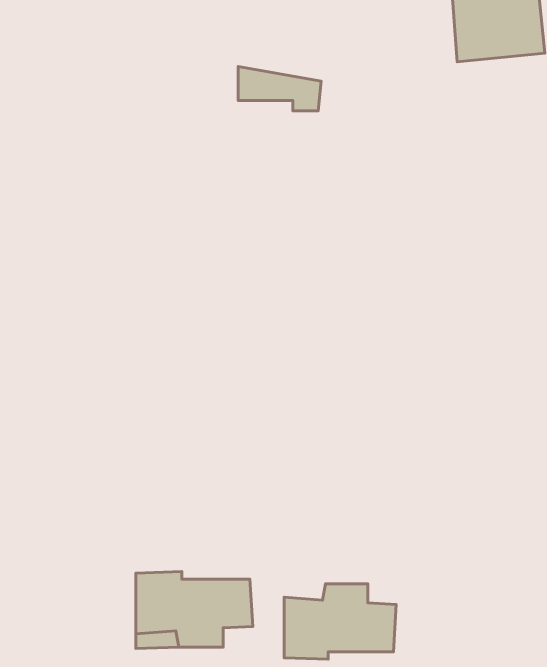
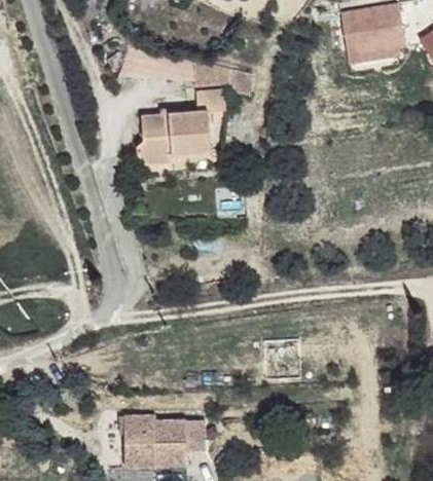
building: none -> [133,94,223,166]
building: [284,584,396,659] -> none

